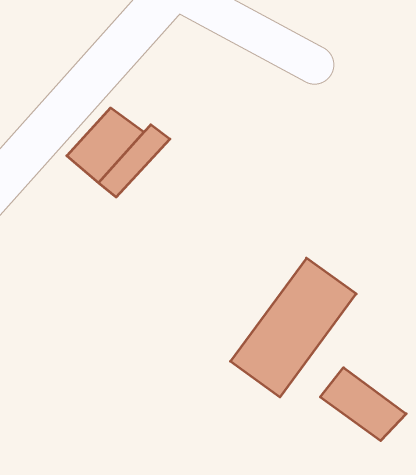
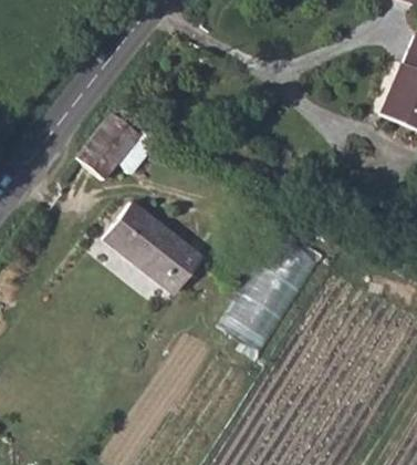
building: none -> [103,207,201,293]
building: [320,368,406,441] -> none

